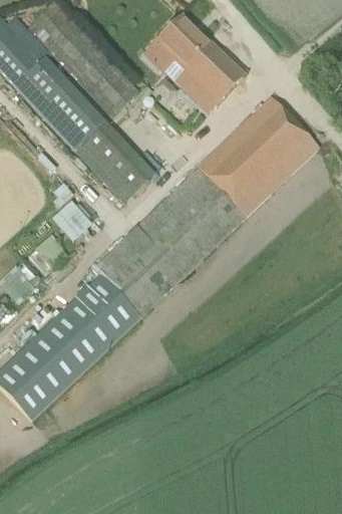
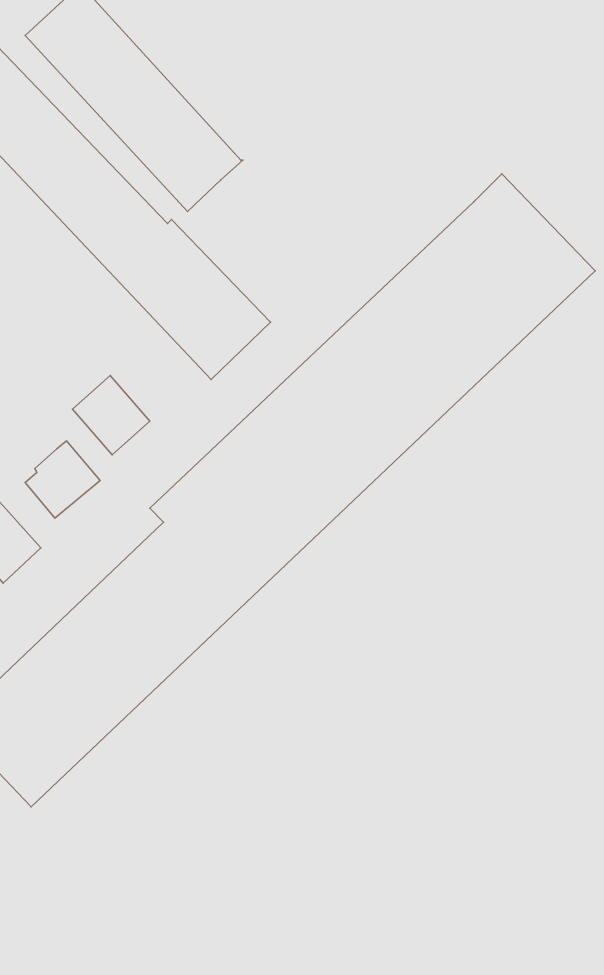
building: [148,14,245,110] -> none

